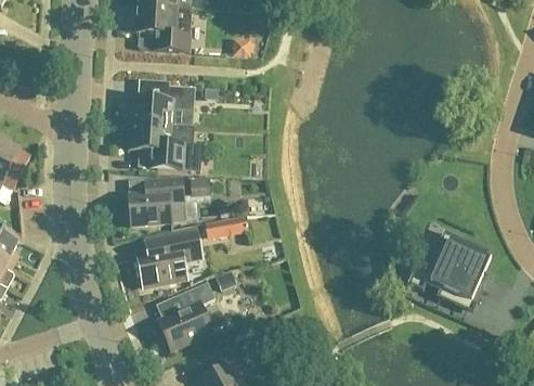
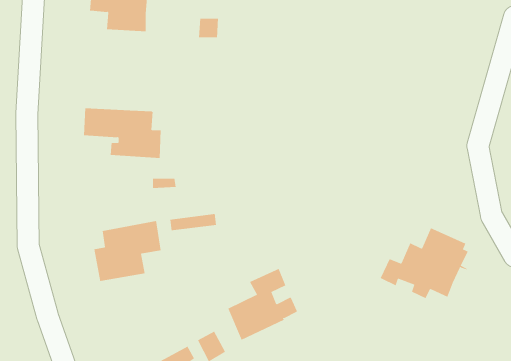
building: [129,83,195,125] -> none
building: [128,176,184,224] -> none
building: [156,281,222,349] -> [227,268,298,341]

